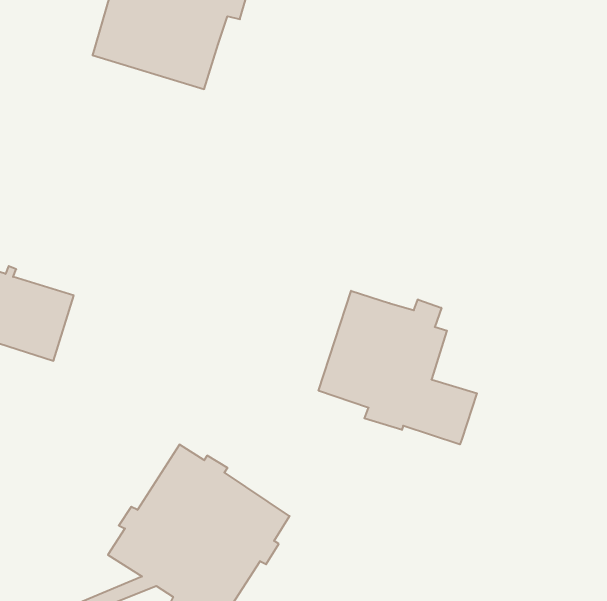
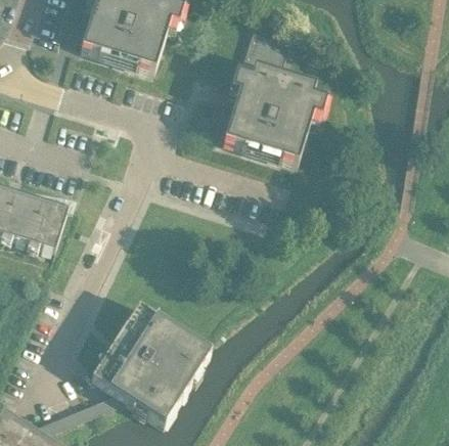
building: none -> [223,27,326,163]
building: [319,291,477,444] -> none

